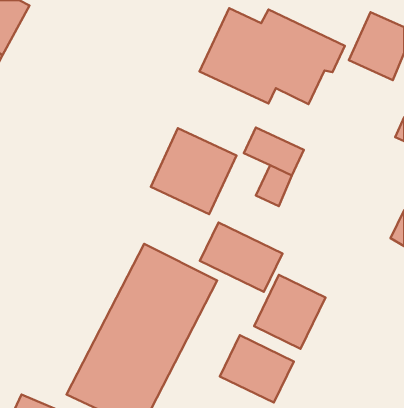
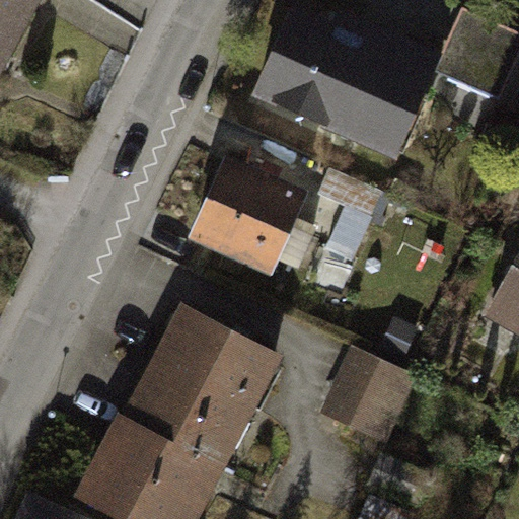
building: [200,222,283,292] -> none
building: [220,335,294,403] -> none

